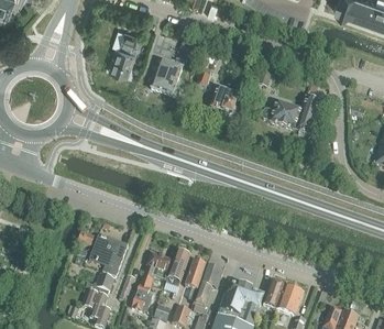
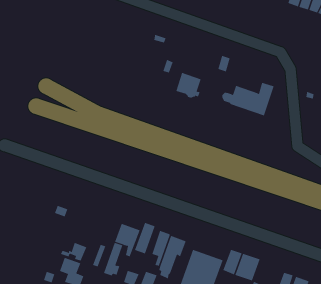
building: [109,30,138,75] -> none
building: [151,57,185,95] -> none
building: [89,233,128,275] -> none

